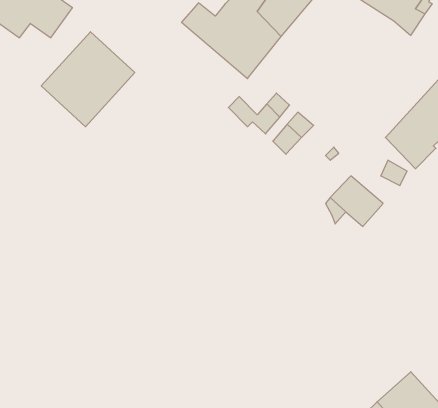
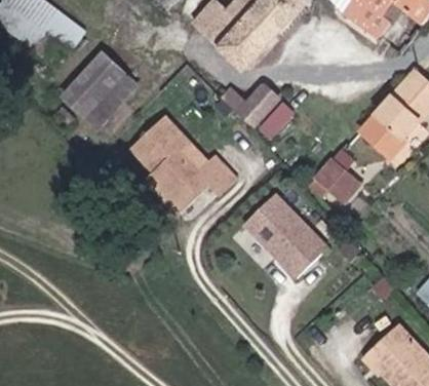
building: none -> [135,114,236,207]
building: none -> [238,188,329,279]

